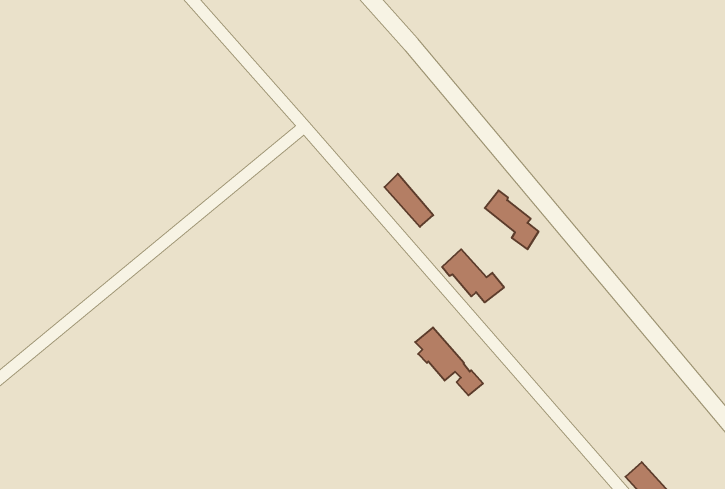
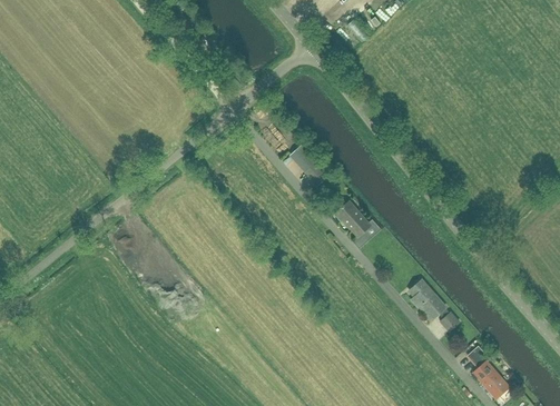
building: [485,190,538,249] -> none
building: [415,327,483,395] -> [407,279,459,330]

